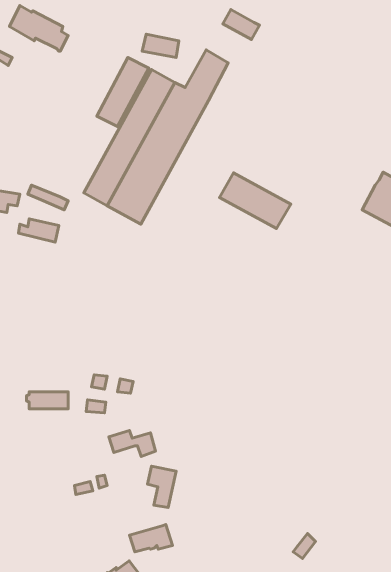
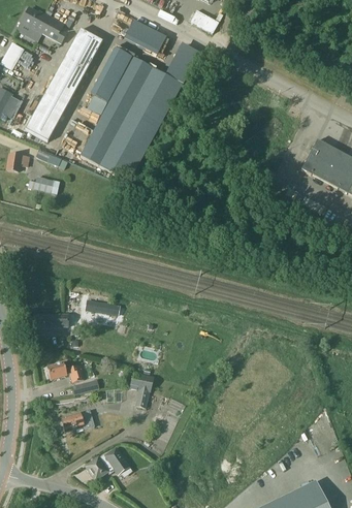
building: none -> [26,28,103,140]
building: [219,173,291,229] -> none
building: [109,430,156,456] -> [47,361,85,382]
building: [130,525,173,552] -> [62,409,96,431]

